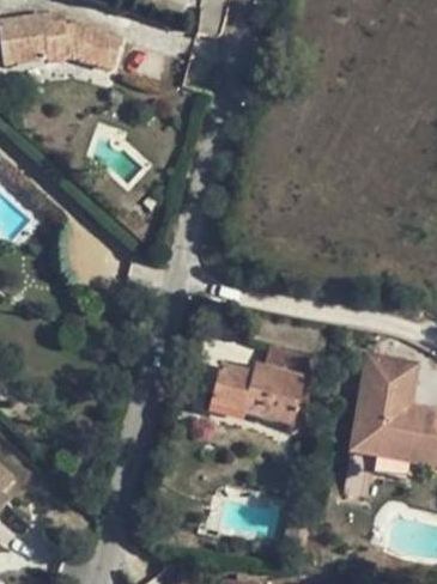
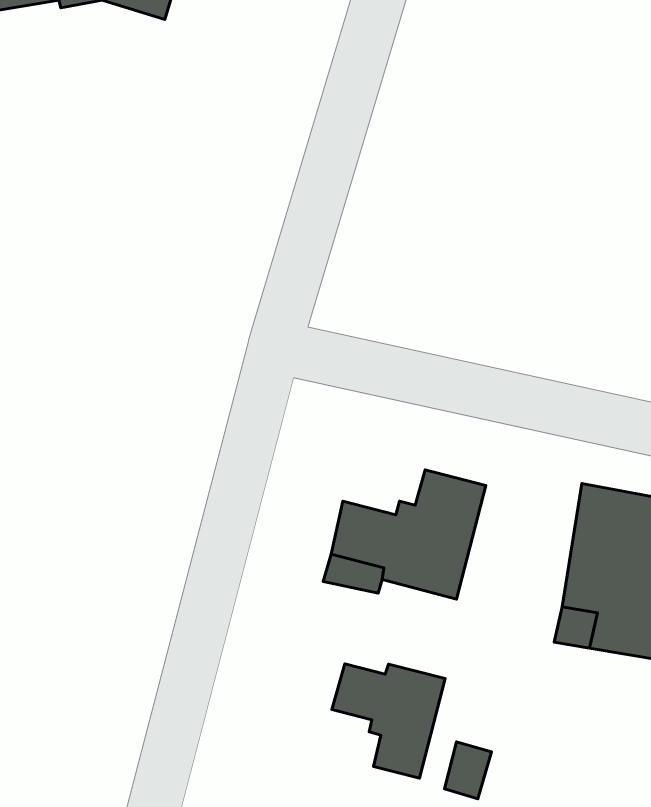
building: none -> [332,664,445,778]

